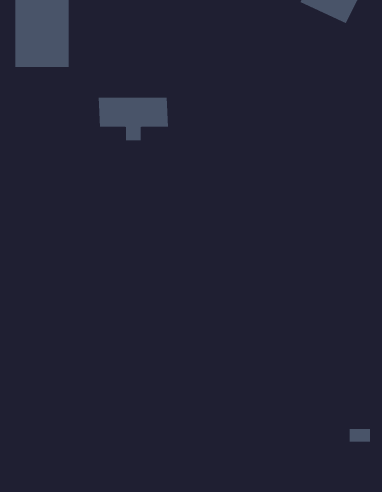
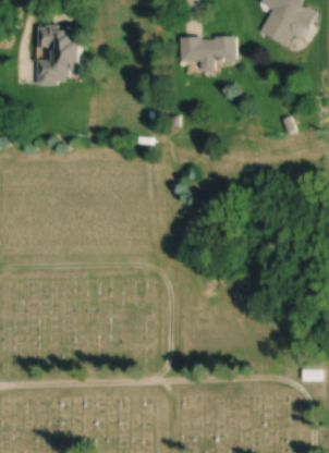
building: [98,97,169,141] -> [179,36,235,71]

